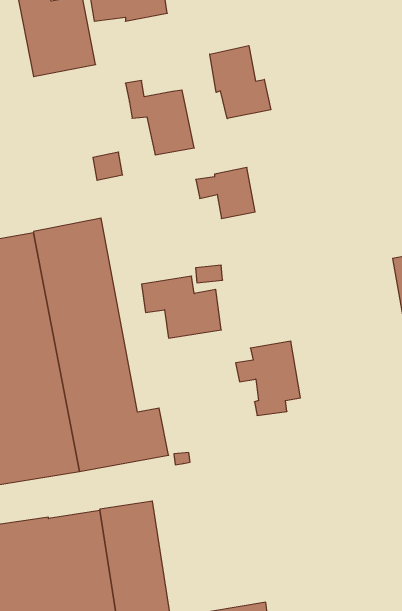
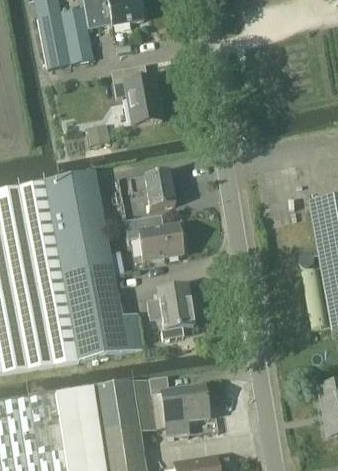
building: [210,46,271,119] -> none
building: [196,167,255,219] -> [130,170,174,208]
building: [236,341,300,415] -> [146,284,194,339]
building: none -> [132,375,208,436]

